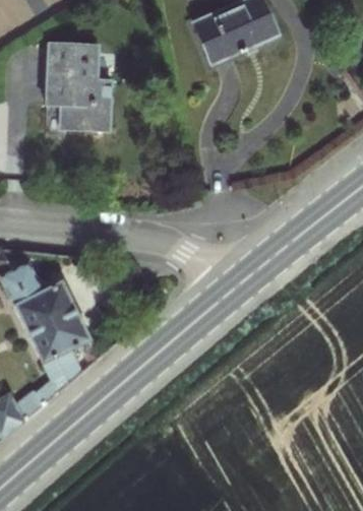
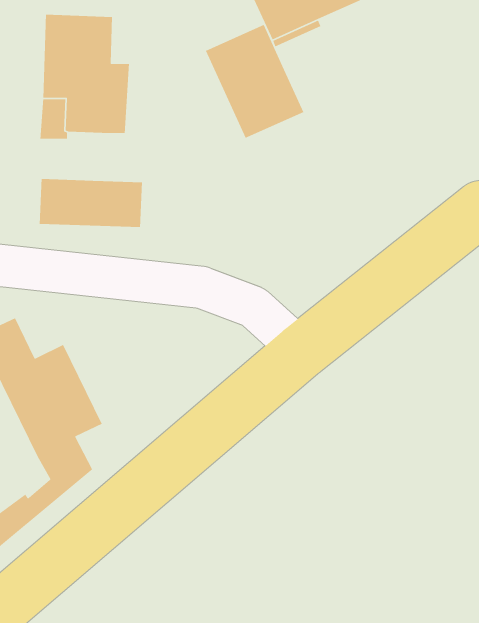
building: none -> [205,24,304,139]
building: none -> [39,178,143,228]

